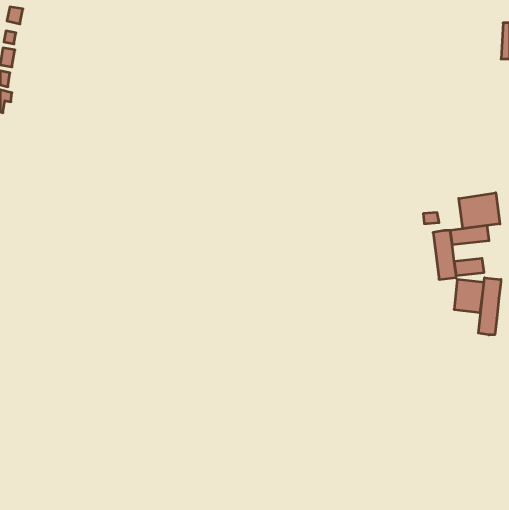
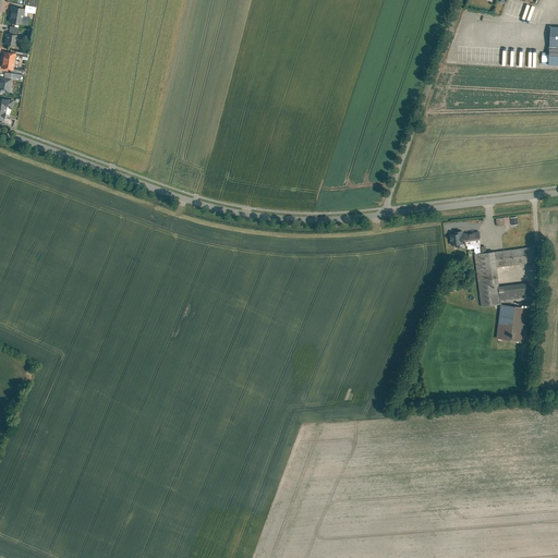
building: [459,193,500,229] -> none
building: [478,278,501,335] -> none

